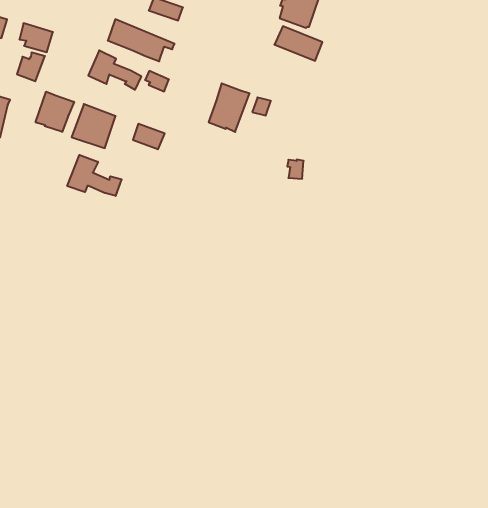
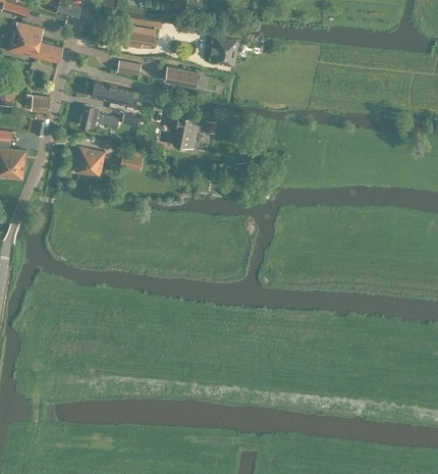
building: [274,26,322,61] -> [165,65,200,87]
building: [36,92,74,132] -> none
building: [67,155,122,196] -> none

